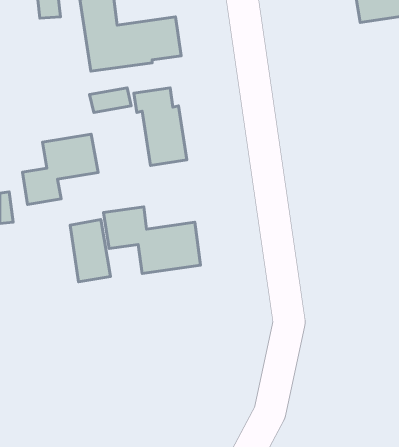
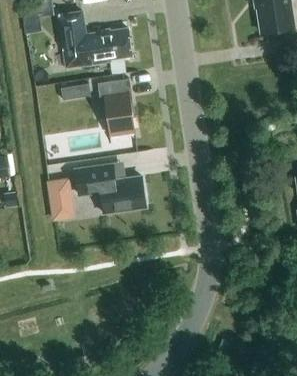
building: [23,134,98,205] -> none

